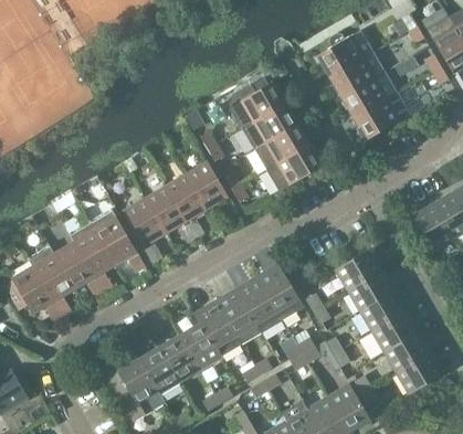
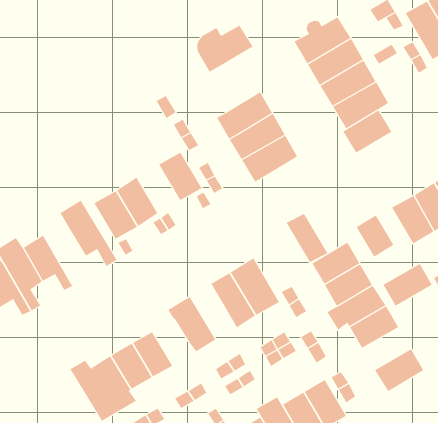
building: [230,82,285,128] -> [197,25,253,73]
building: none -> [343,110,392,154]
building: [165,173,207,221] -> none
building: none -> [286,213,328,263]
building: [69,221,115,292] -> none
building: none -> [356,214,394,258]
building: [217,289,262,343] -> none
building: [180,324,222,369] -> none
building: [383,331,432,373] -> [383,263,433,306]

